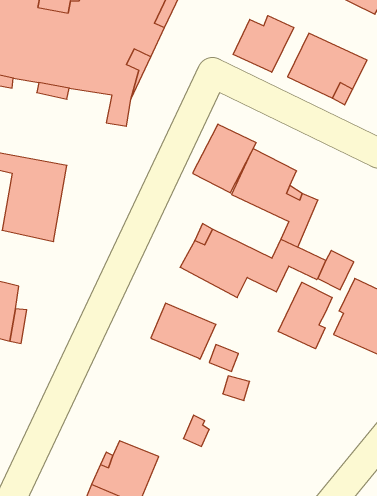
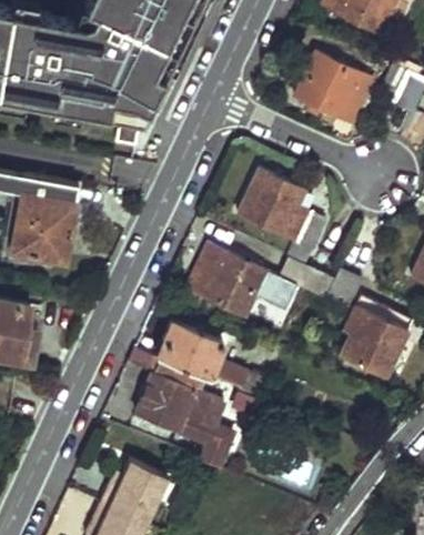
building: [233,16,294,72] -> none
building: [193,124,256,193] -> none
building: [278,282,332,349] -> none
building: none -> [138,357,229,430]

